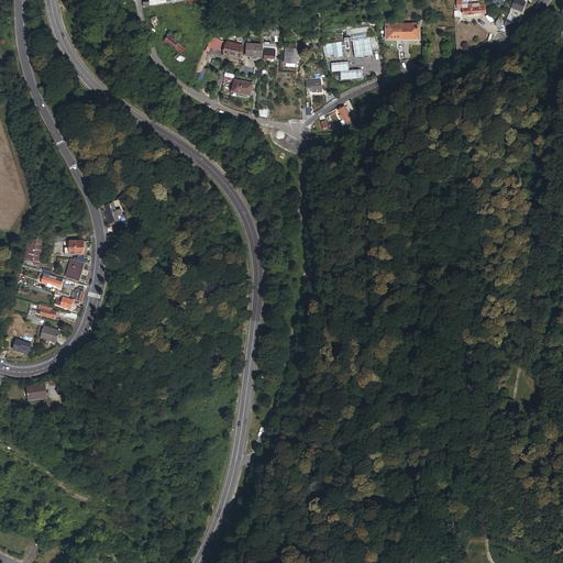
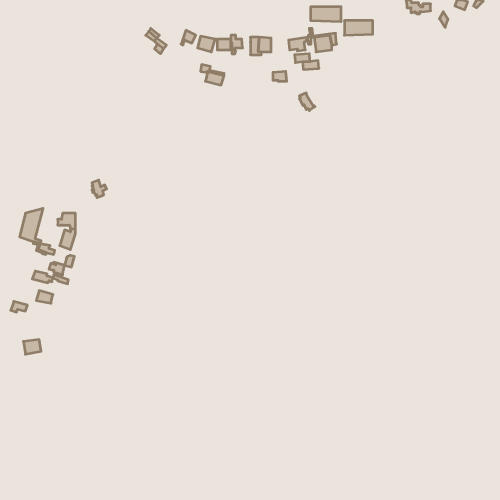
building: none -> [311,7,341,22]

